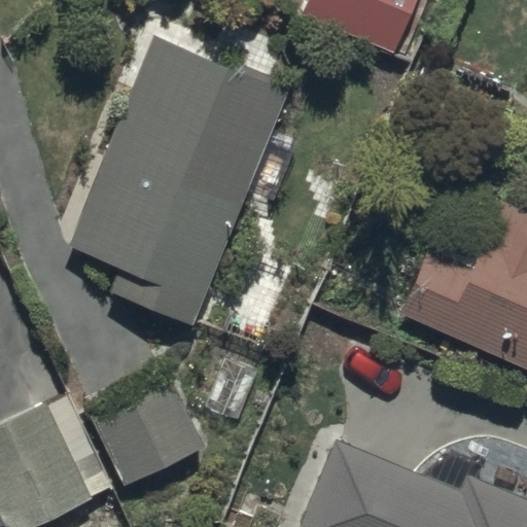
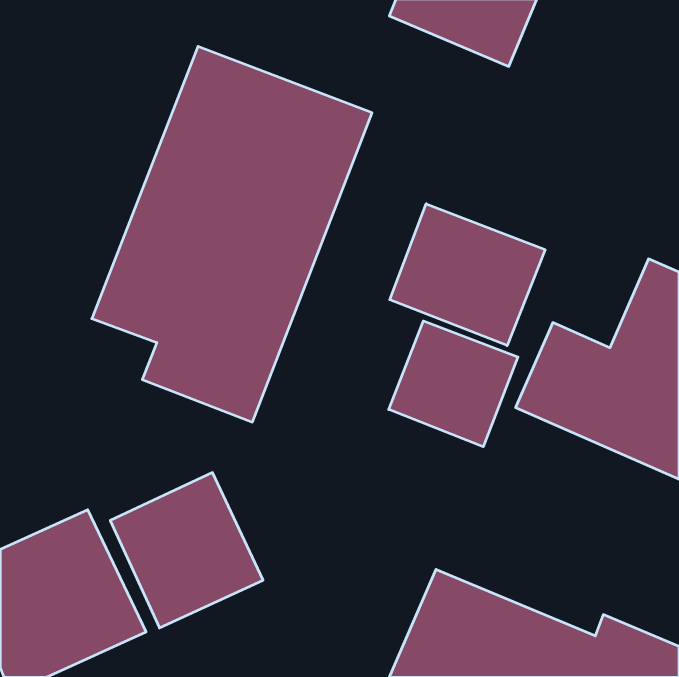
building: none -> [390,204,545,346]
building: none -> [389,321,518,447]

